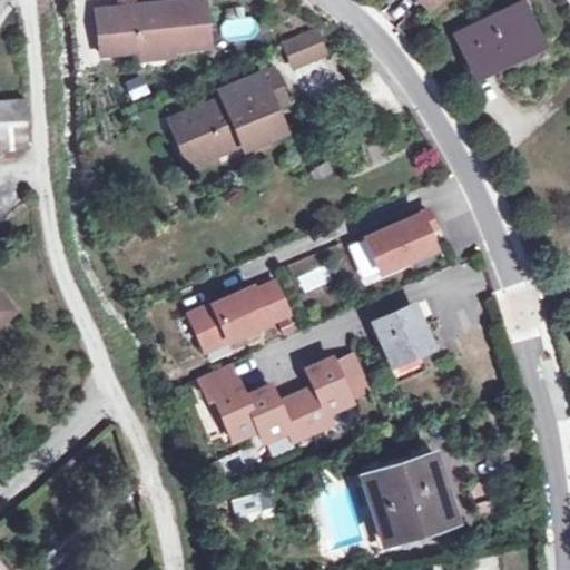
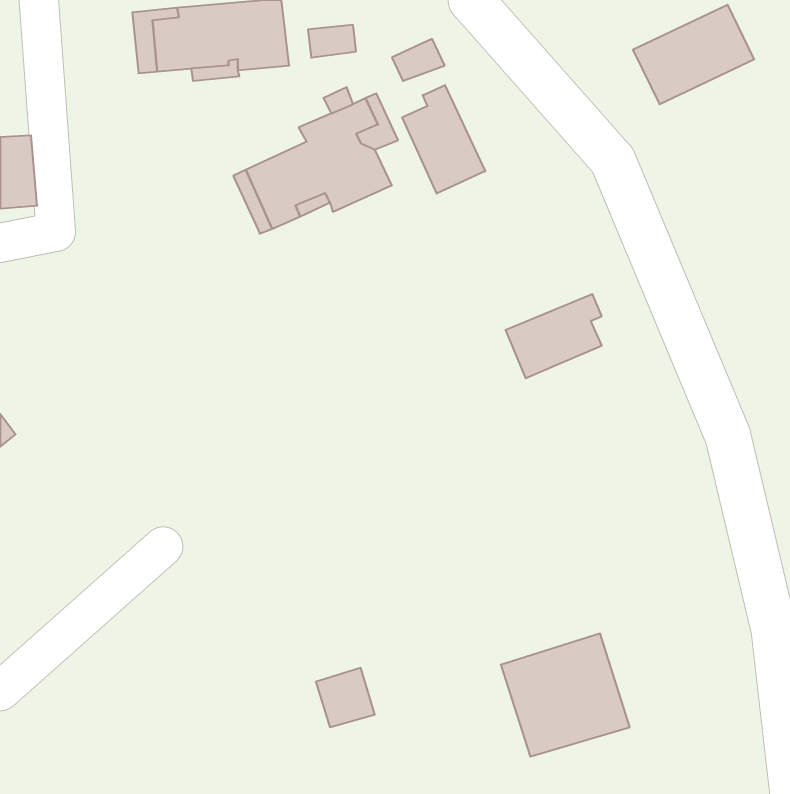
building: none -> [402,85,485,194]
building: [189,284,288,343] -> none
building: [376,307,429,382] -> none
building: [207,357,358,439] -> none

